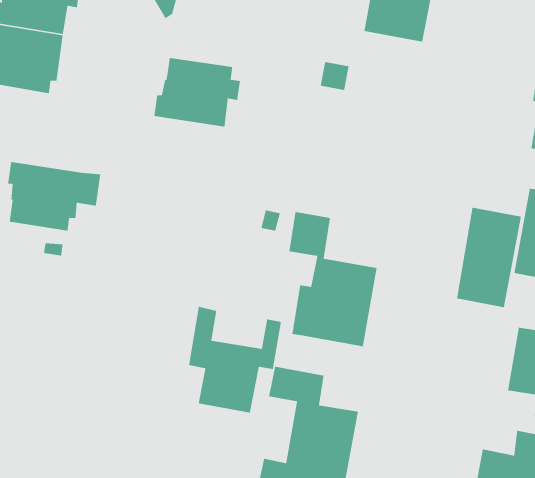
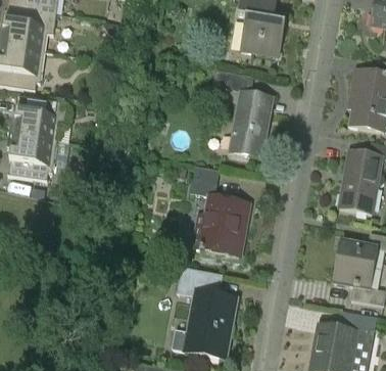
building: [153,57,241,127] -> [9,95,66,141]
building: [456,207,522,308] -> [230,91,273,157]
building: [188,306,282,413] -> none

